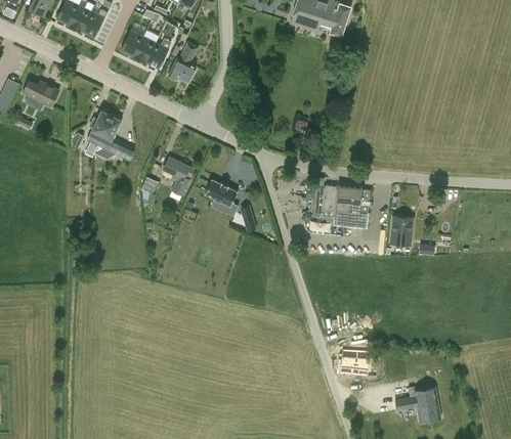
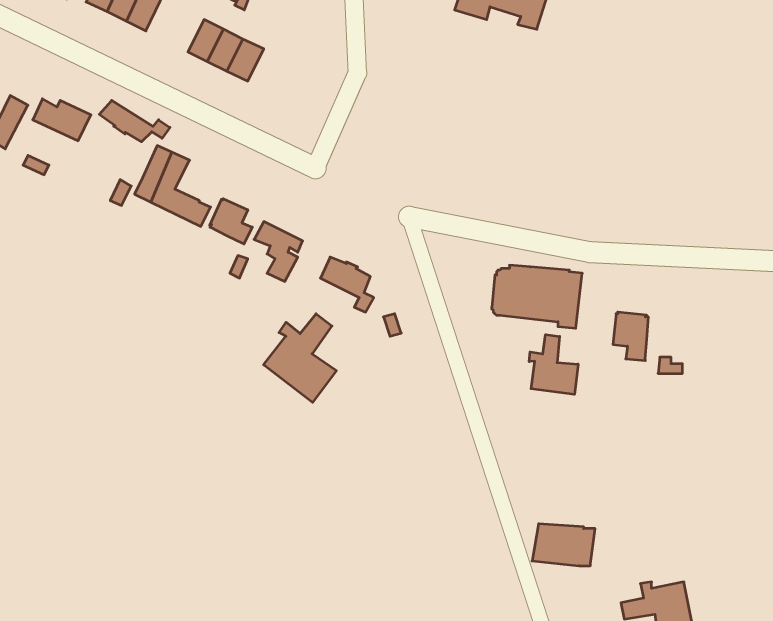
building: [168,43,197,84] -> none
building: none -> [99,100,170,142]
building: none -> [210,199,252,244]
building: none -> [264,314,336,402]
building: none -> [529,335,578,394]

